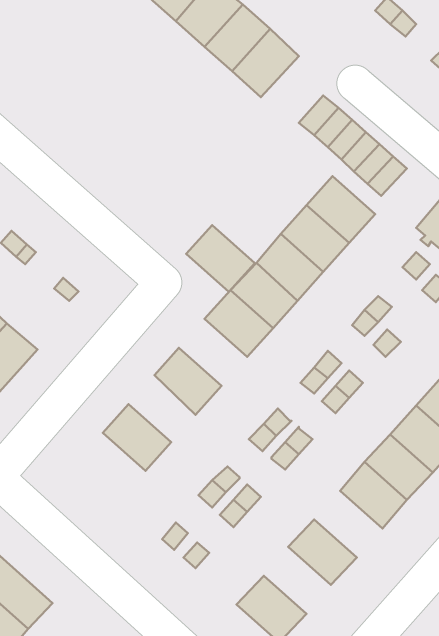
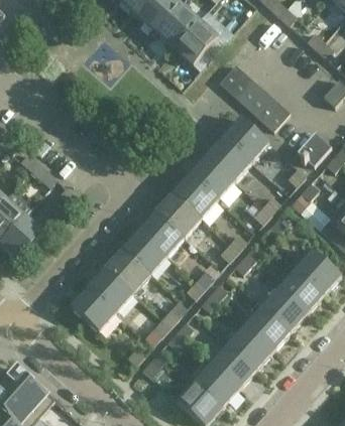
building: [186,225,255,292] -> [138,211,184,256]
building: none -> [105,249,149,293]
building: none -> [71,287,116,331]
building: none -> [228,325,273,370]
building: none -> [195,363,239,407]

